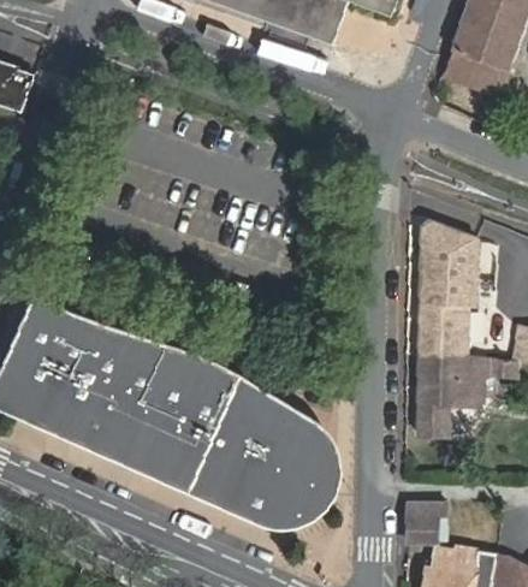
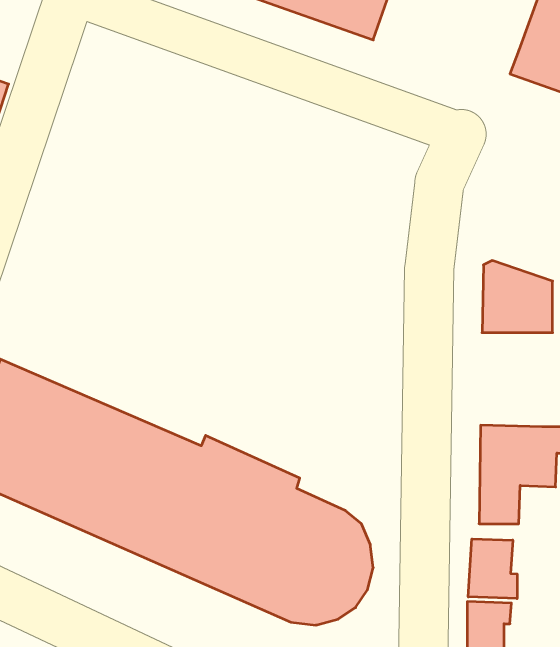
building: [420,279,479,356] -> none
building: none -> [468,539,517,599]

